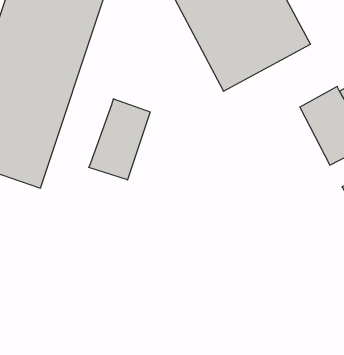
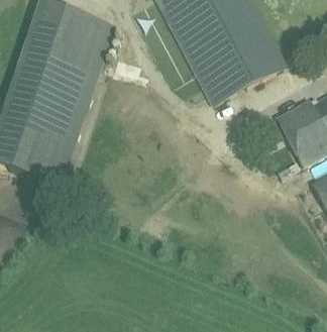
building: [89,99,150,180] -> none

